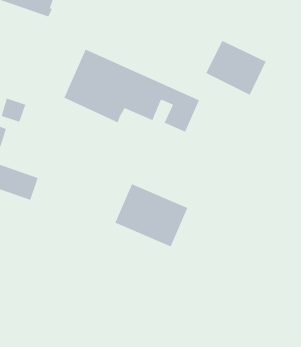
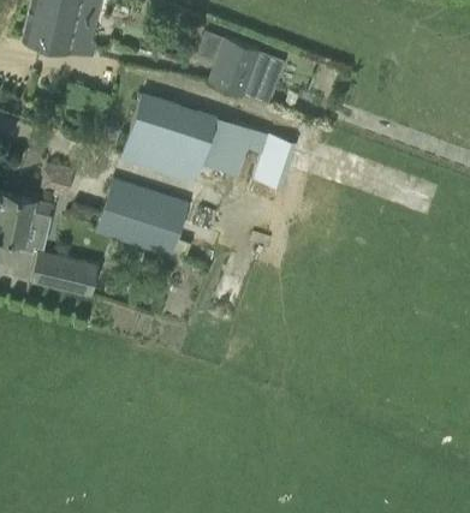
building: [205,40,267,95] -> [207,38,284,106]
building: [115,183,188,247] -> [96,179,189,256]

